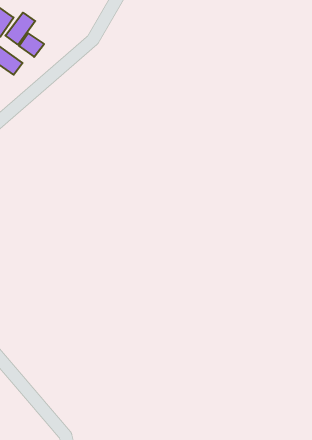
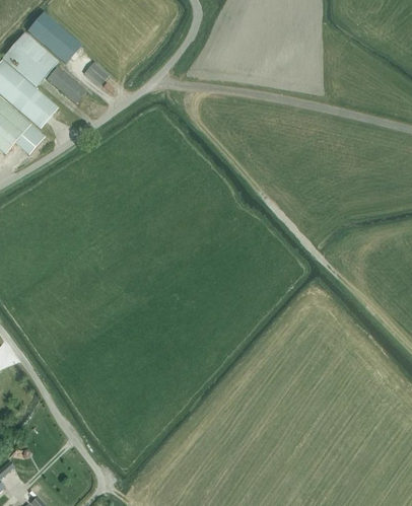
building: [5,13,35,45] -> none

